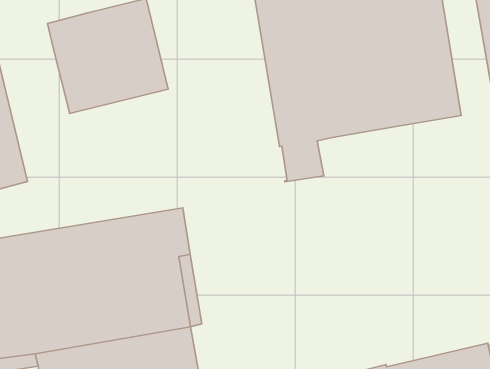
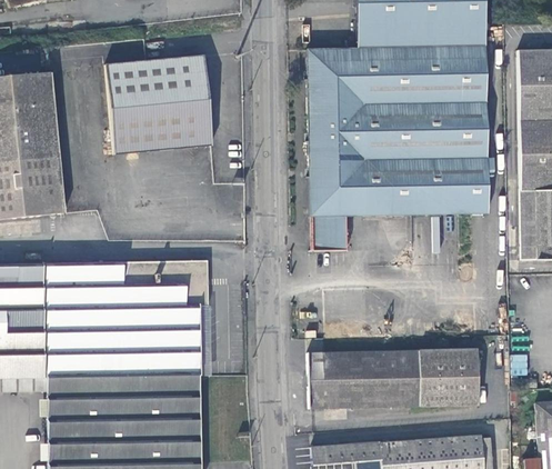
building: none -> [308,349,479,408]

